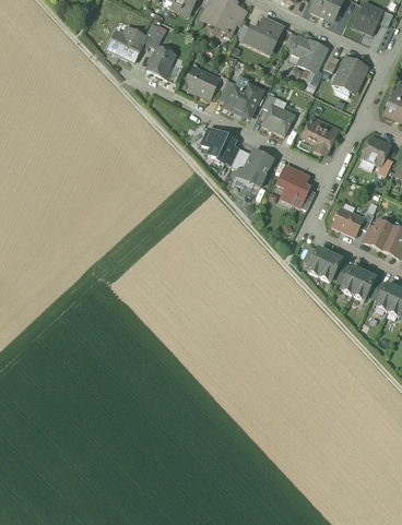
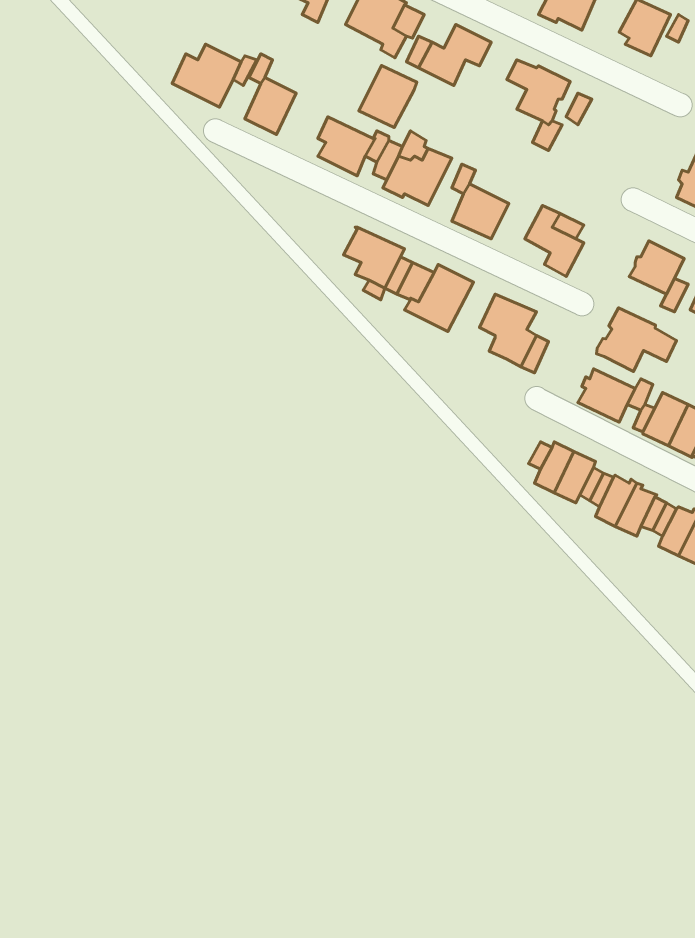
building: none -> [359,66,417,128]
building: [334,57,365,91] -> none
building: none -> [596,308,677,372]

